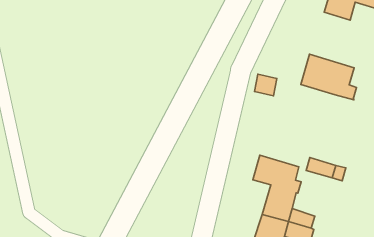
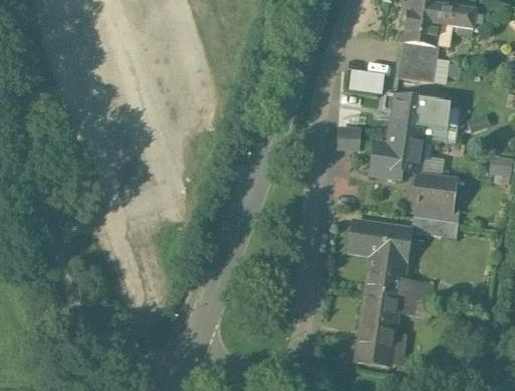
building: none -> [398,43,439,84]
building: none -> [346,69,382,90]
building: none -> [369,133,431,179]
building: none -> [413,175,456,210]

